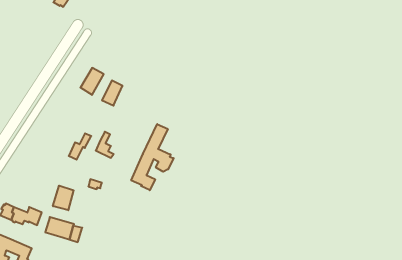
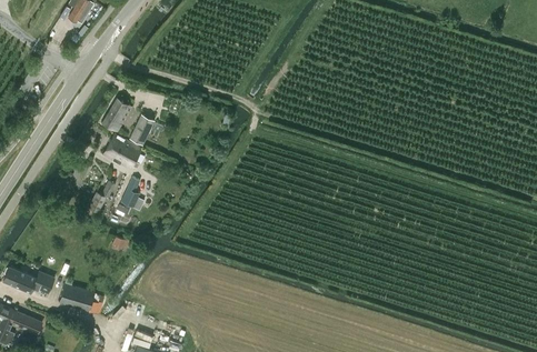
building: none -> [103,133,141,169]
building: [131,124,174,190] -> none
building: [53,186,74,210] -> none

